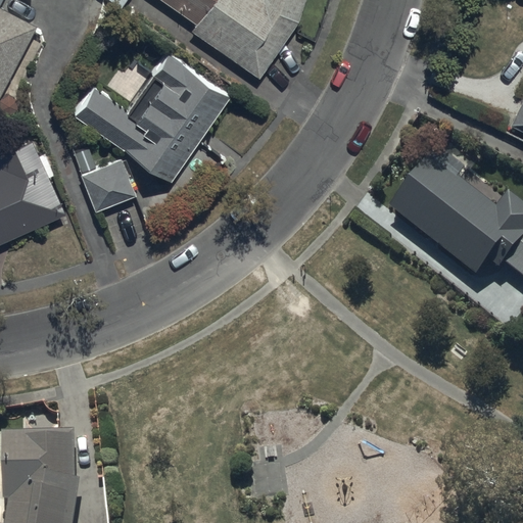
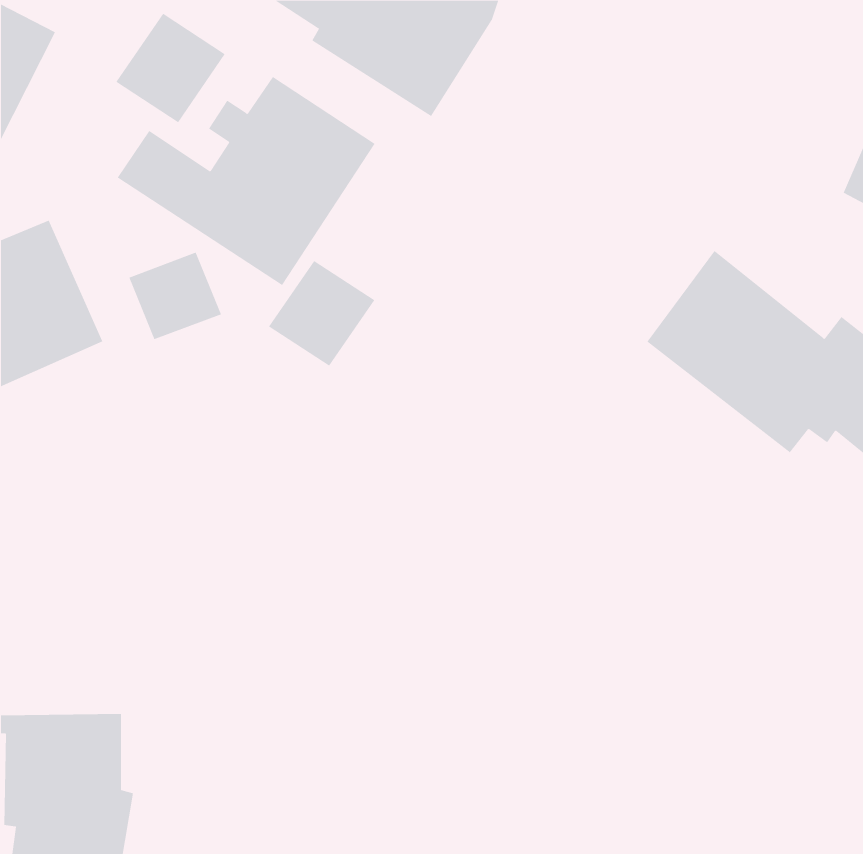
building: none -> [116,13,226,123]
building: none -> [268,260,375,367]

